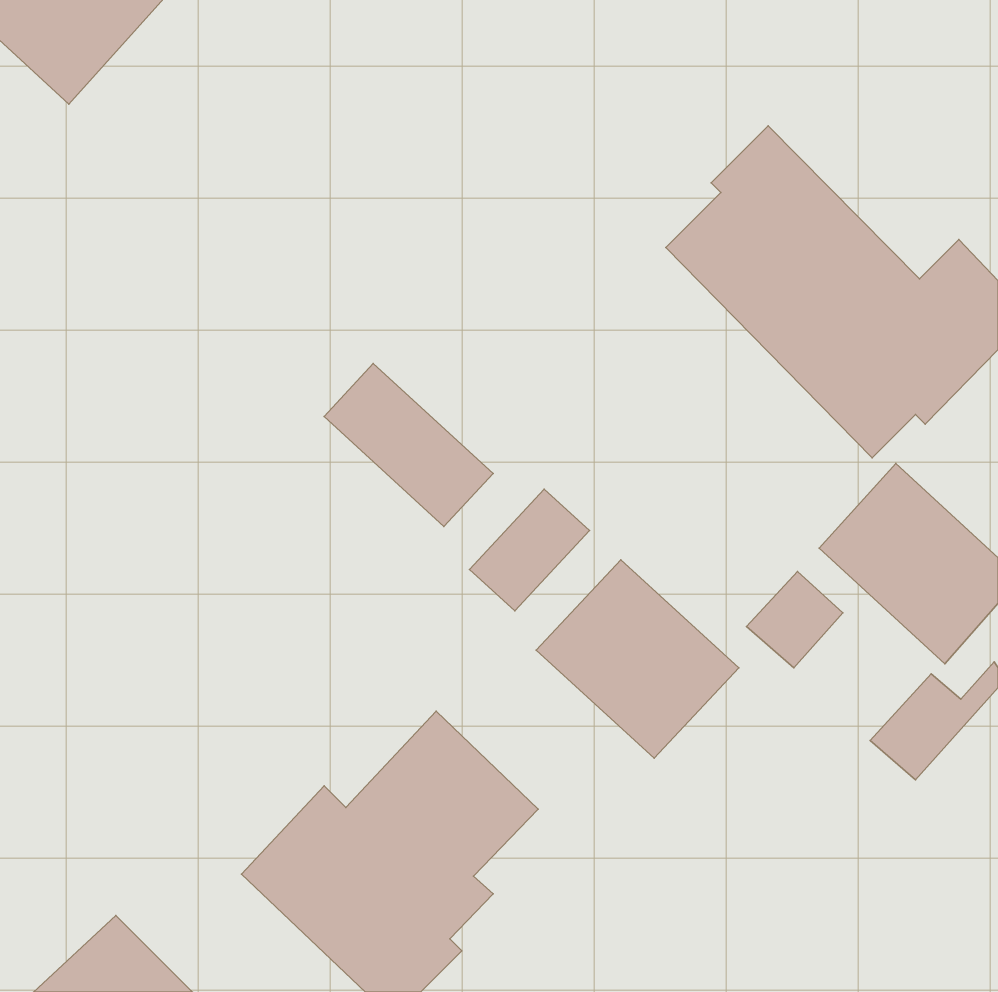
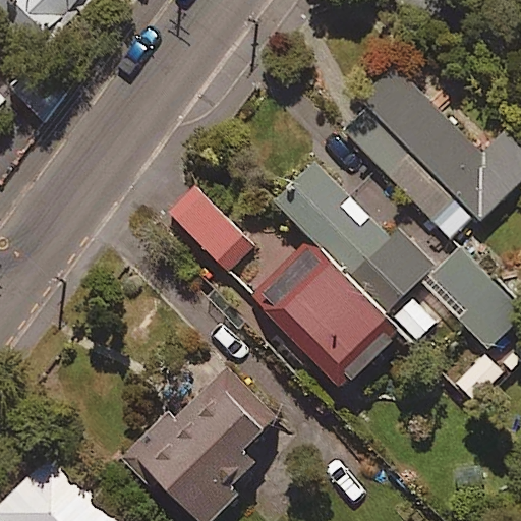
building: none -> [267,157,429,313]

